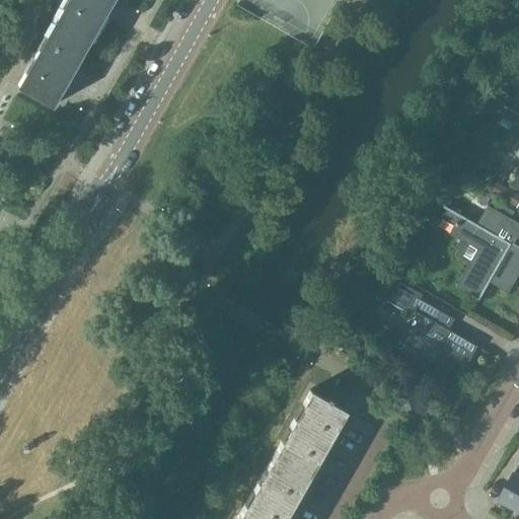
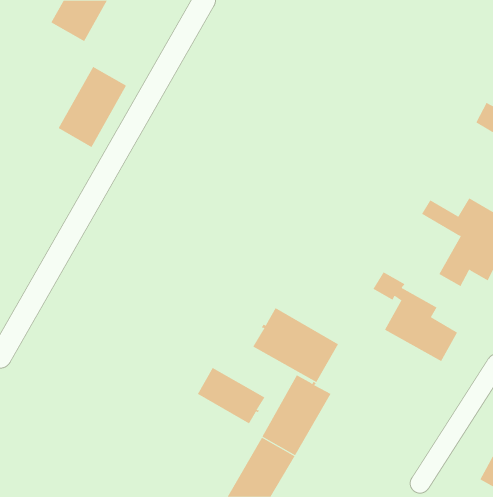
building: [20,23,92,108] -> [58,66,127,148]
building: none -> [252,307,339,383]
building: none -> [197,367,265,424]

